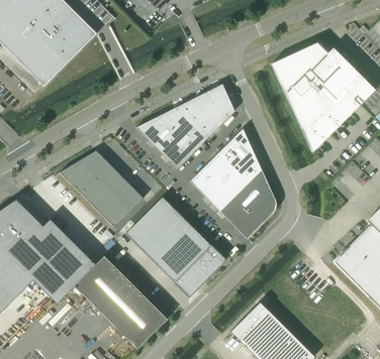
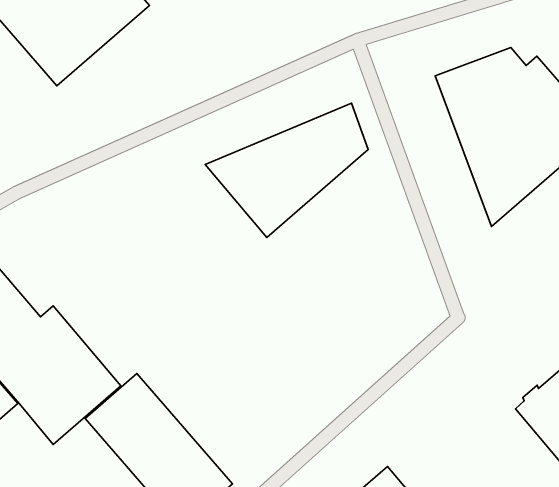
building: [190,128,277,239] -> none
building: [60,150,144,227] -> none
building: [125,196,226,296] -> none

